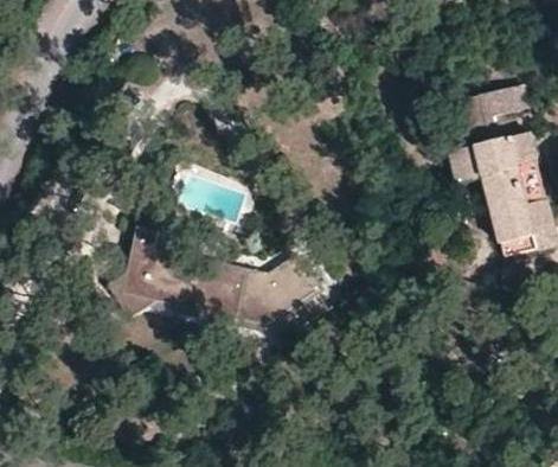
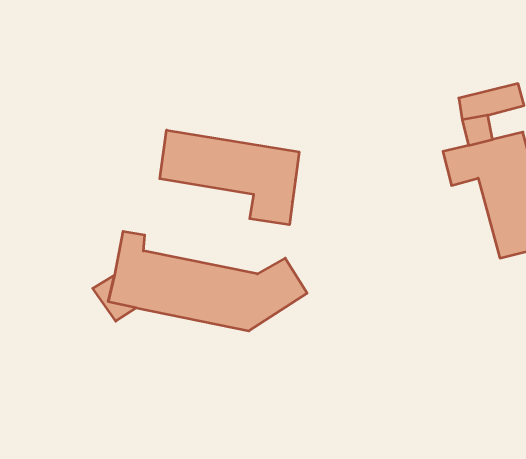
building: none -> [160,130,299,225]

